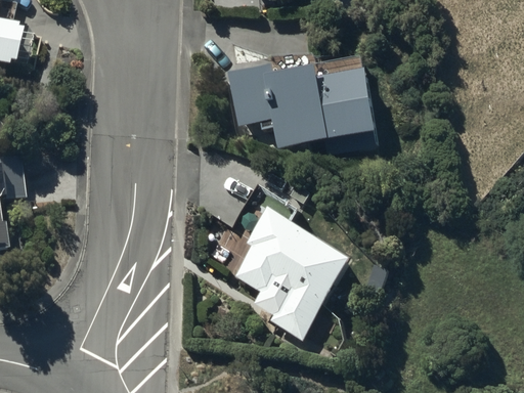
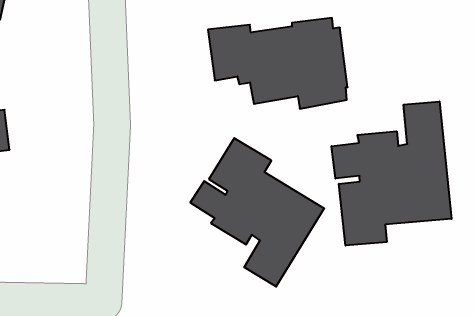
building: none -> [332,101,452,246]

